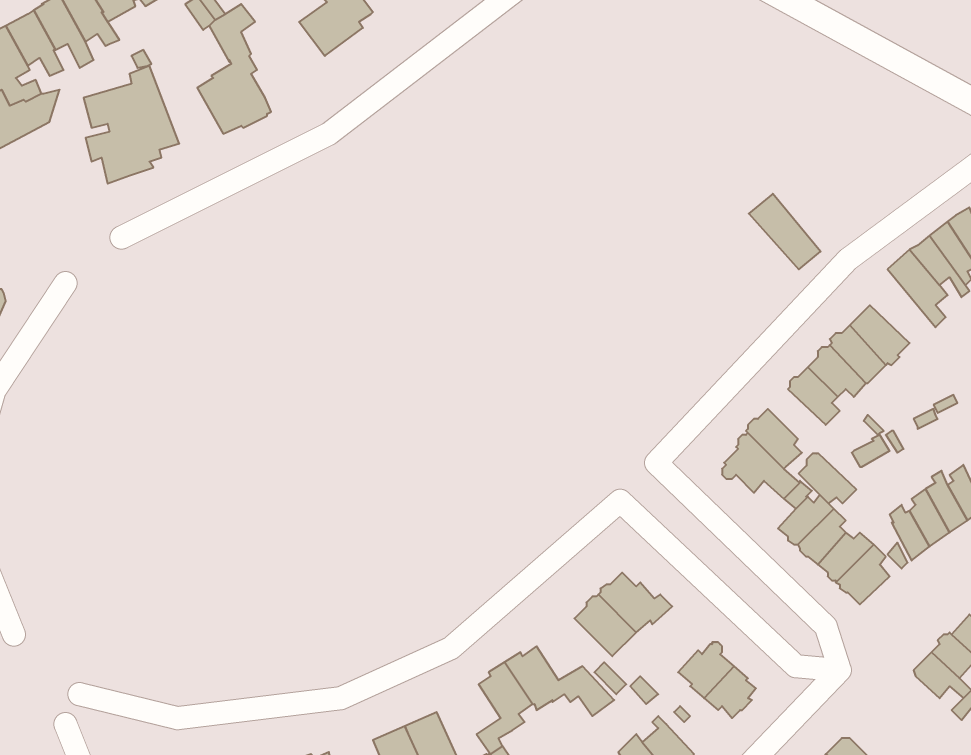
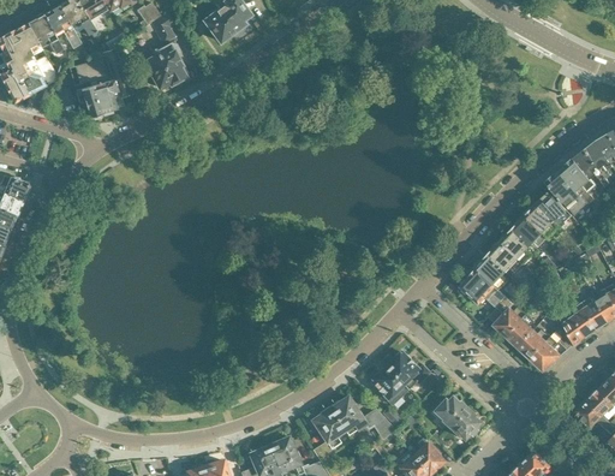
building: [749,194,821,269] -> [545,169,589,215]
building: [799,454,856,503] -> [488,242,523,272]

